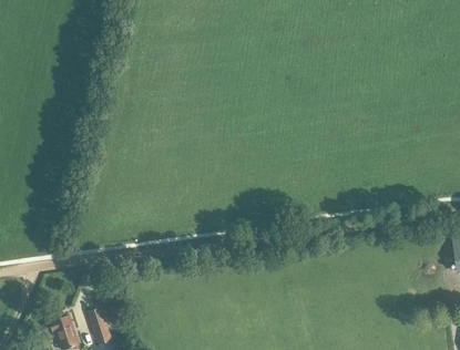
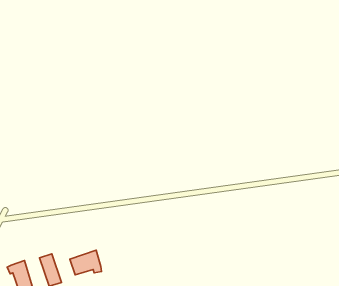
building: none -> [70,250,102,275]

